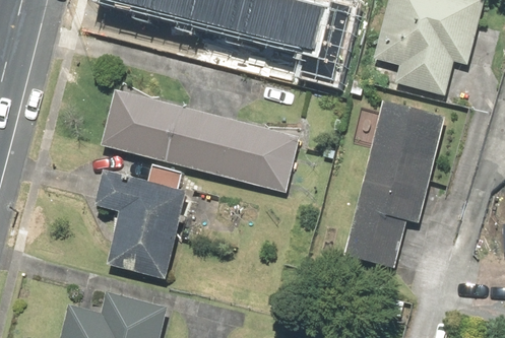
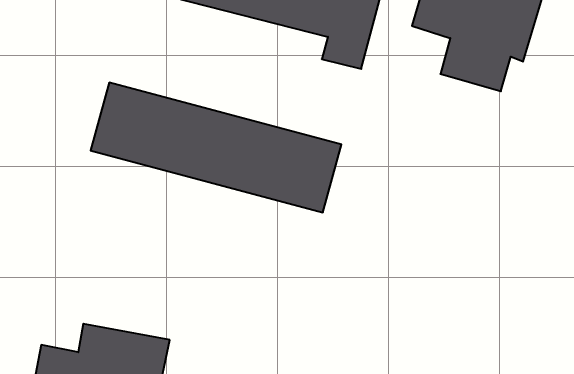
building: [343,96,438,273] -> none
building: [94,179,180,281] -> none

